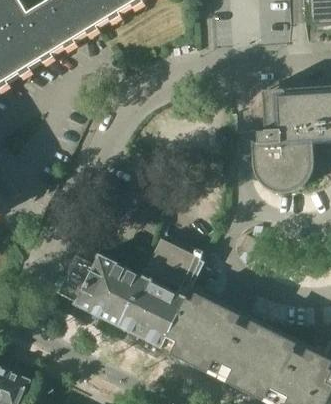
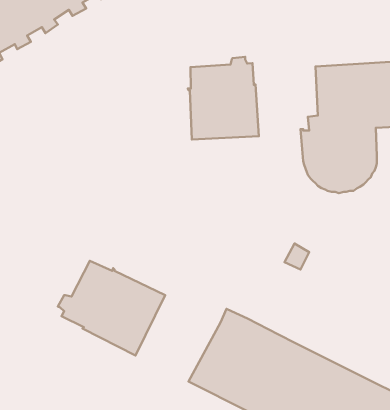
building: none -> [188,57,259,139]
building: [116,238,203,346] -> none

